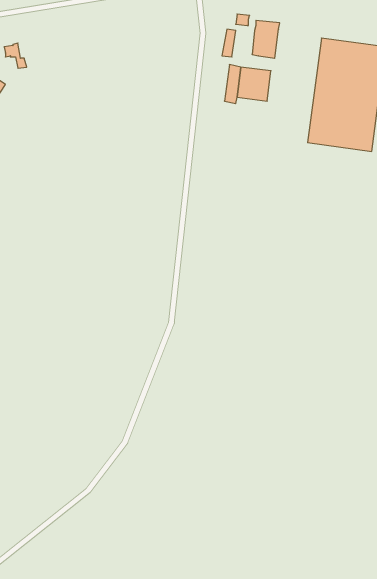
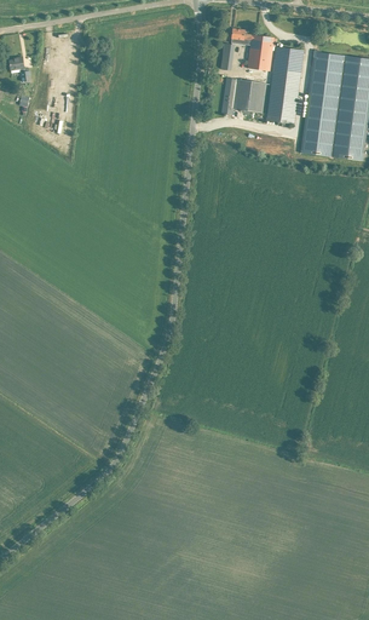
building: none -> [266,47,304,125]

